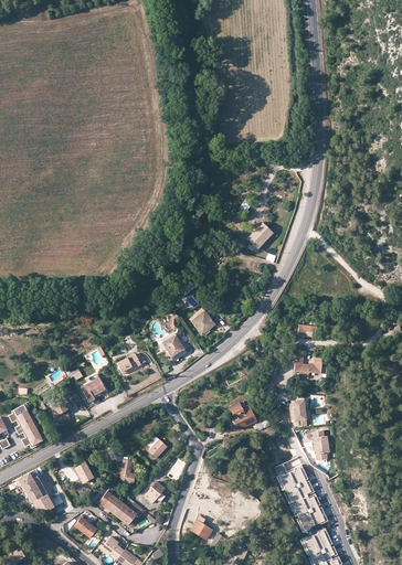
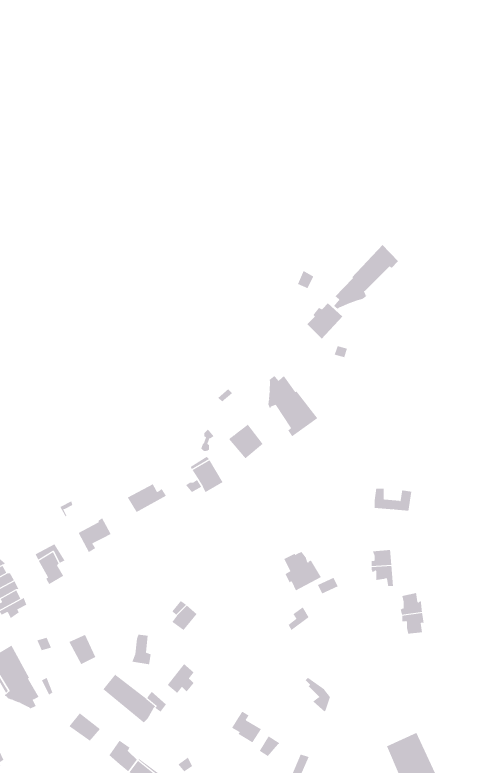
building: none -> [333,244,399,310]
building: none -> [268,375,318,437]
building: [278,468,326,532] -> none

